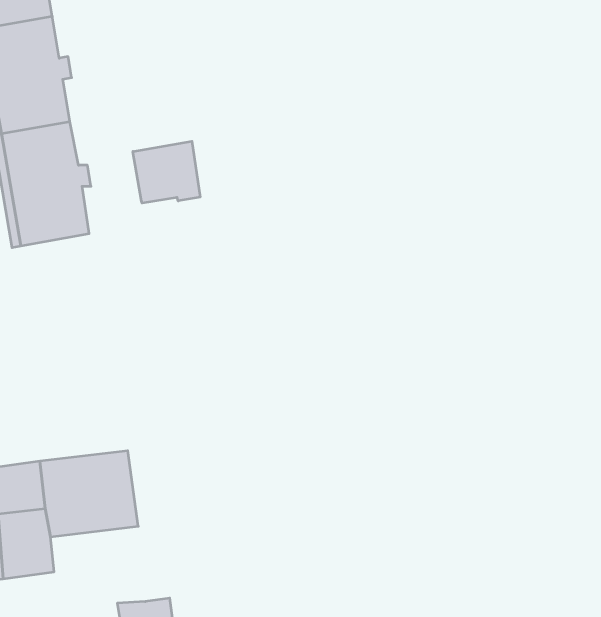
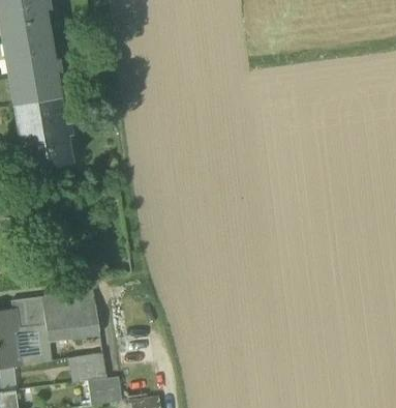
building: [133,141,200,203] -> none
building: none -> [69,355,104,382]

